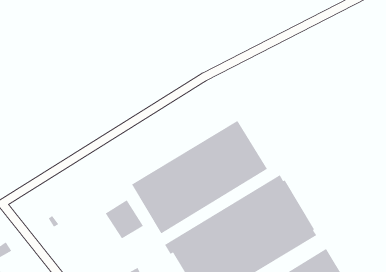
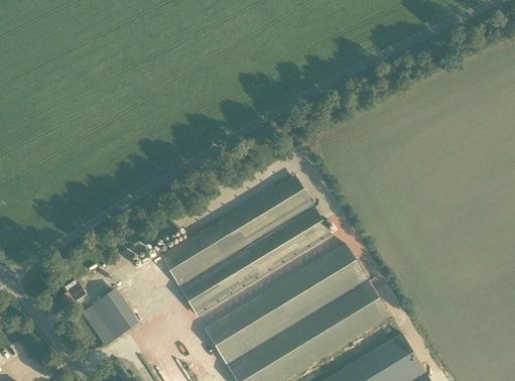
building: [105,199,144,239] -> [86,291,133,340]

